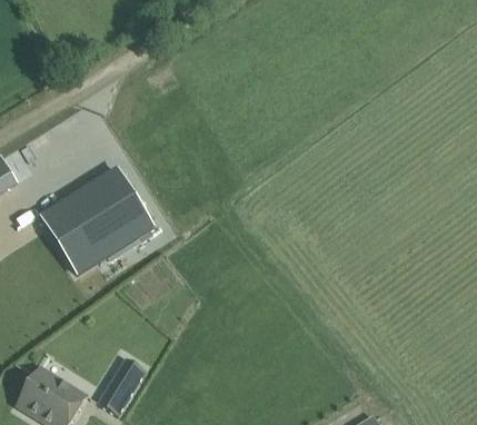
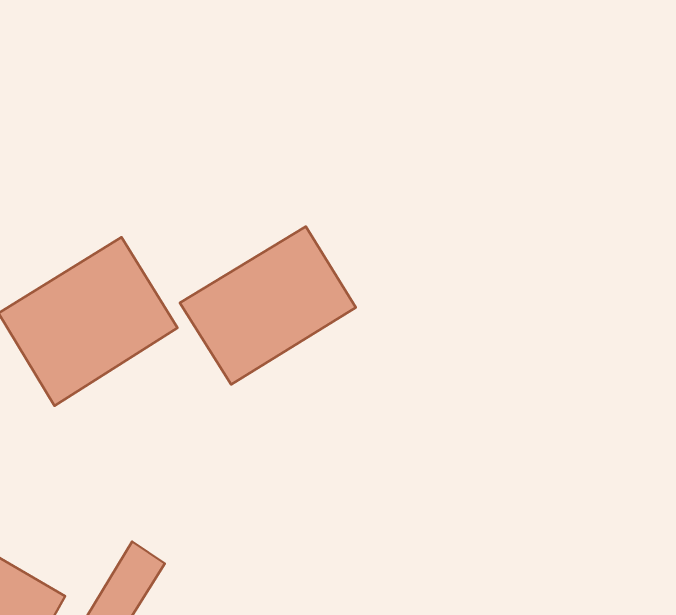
building: none -> [180,227,356,384]

